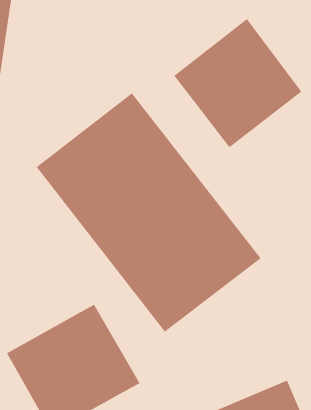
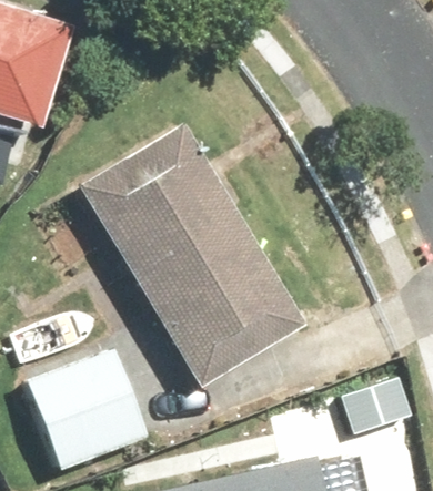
building: [174,18,302,148] -> none

